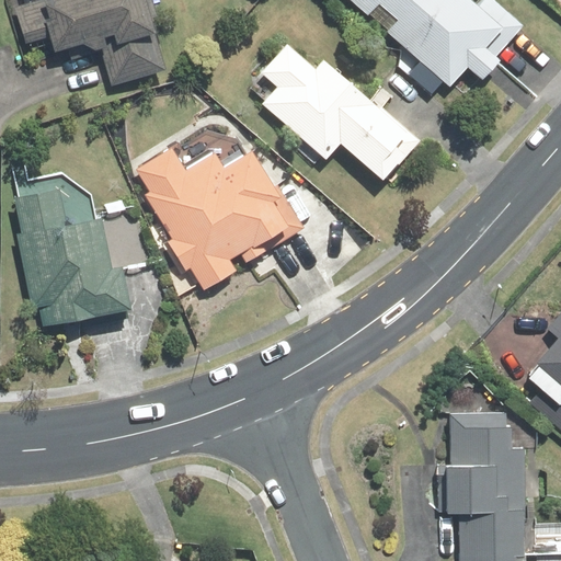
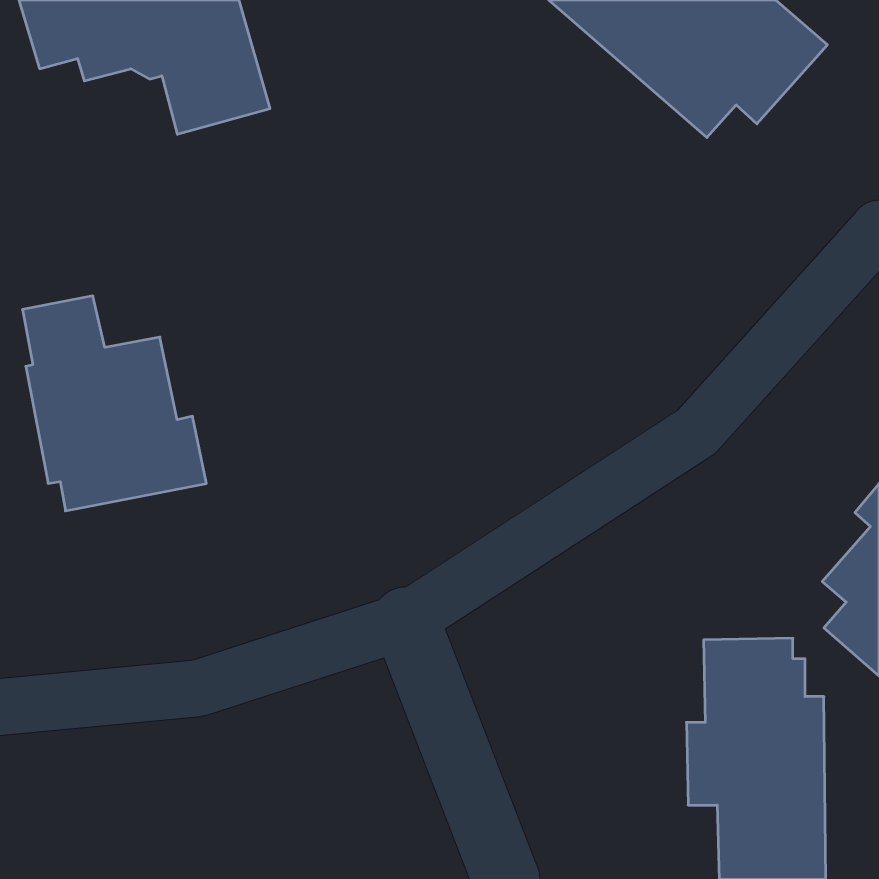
building: [260,42,421,181] -> none
building: [130,142,305,289] -> none

